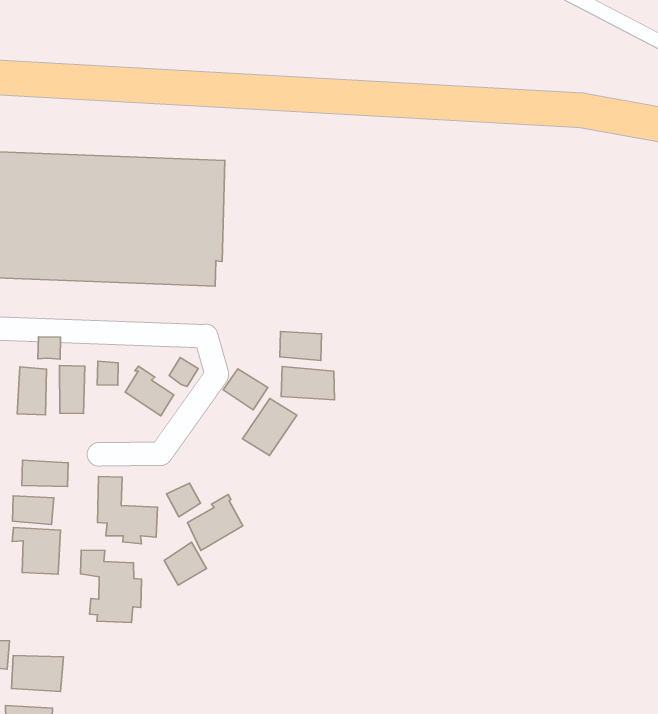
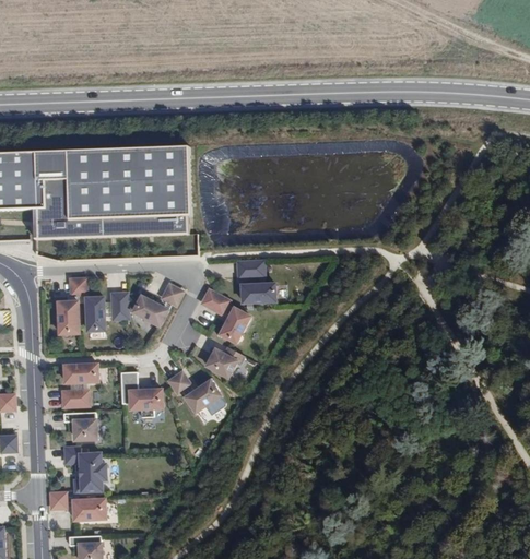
building: none -> [204,345,244,378]
building: [164,542,206,585] -> none
building: [81,550,142,623] -> [63,444,108,493]

